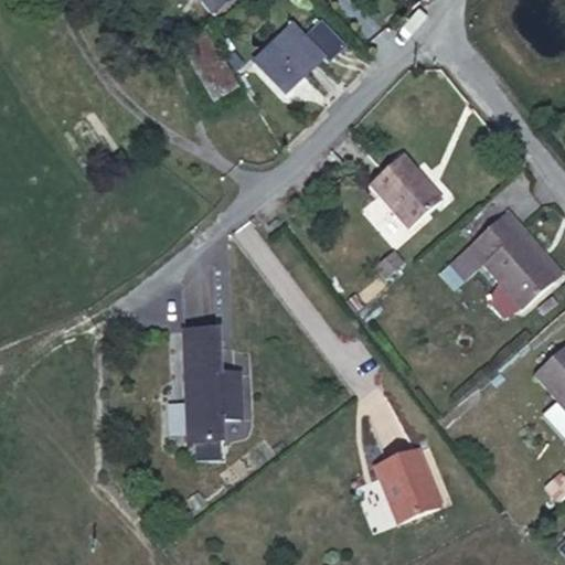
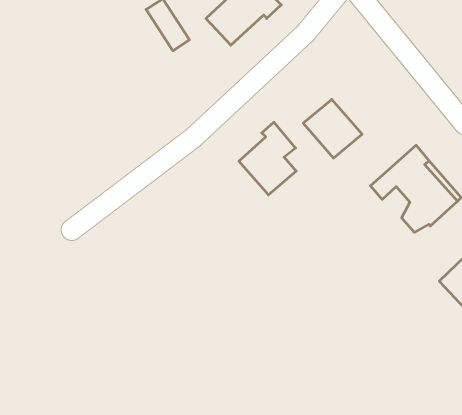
building: none -> [239,122,296,195]
building: [183,328,241,440] -> none
building: [374,448,441,522] -> none

